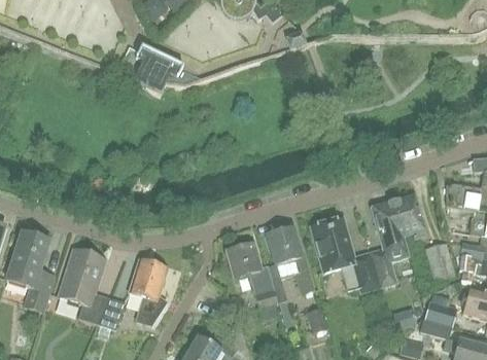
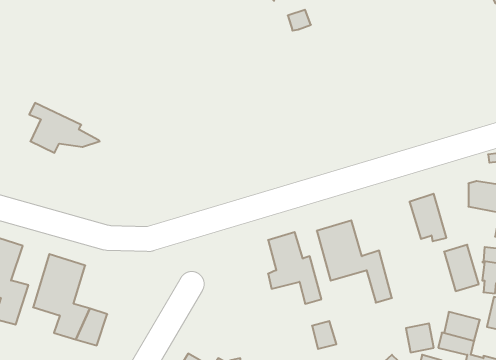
building: [136,44,199,88] -> [29,103,100,153]
building: [367,201,410,286] -> none
building: [225,242,277,315] -> none
building: [130,257,168,324] -> none

